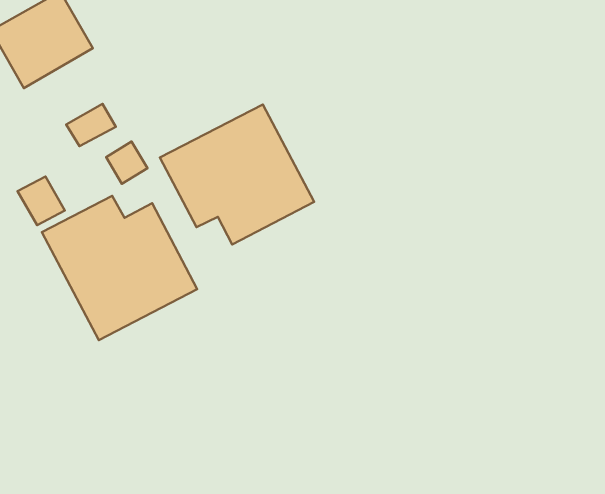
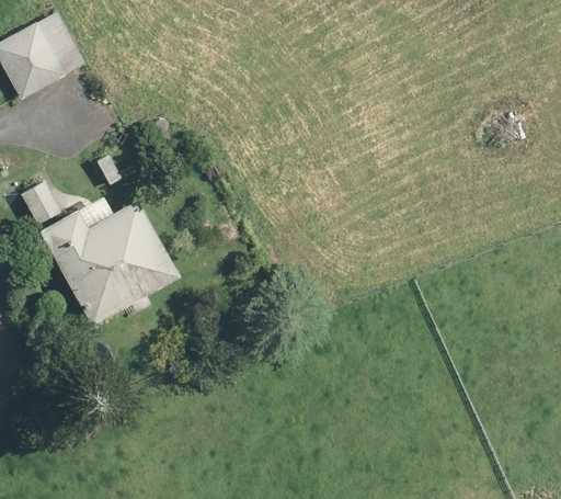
building: [160,104,314,245] -> none

